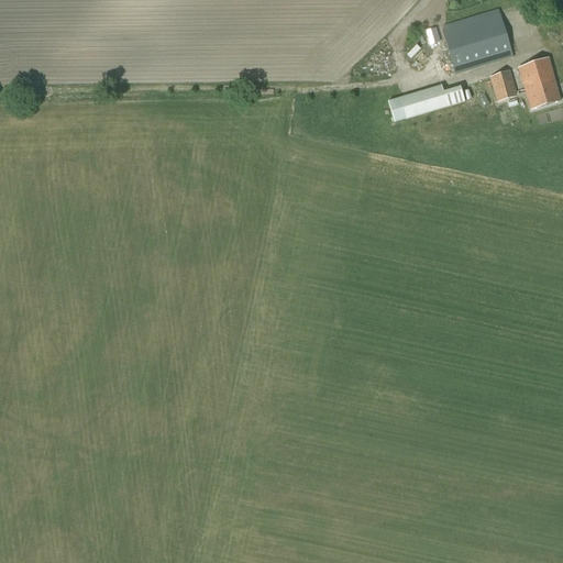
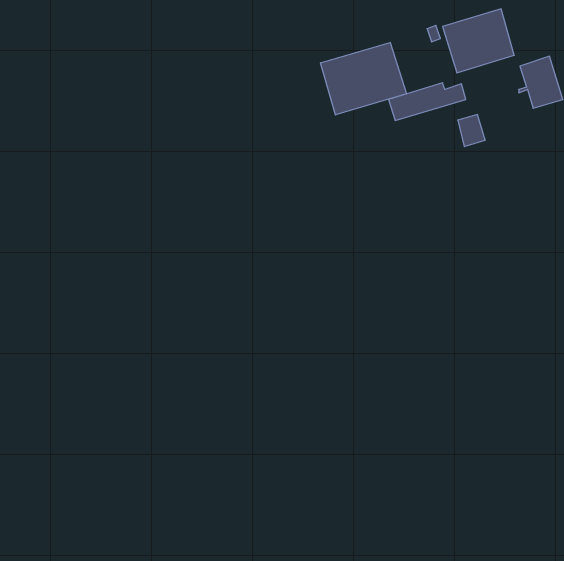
building: none -> [321,42,406,115]
building: [489,68,517,100] -> [458,115,485,147]

